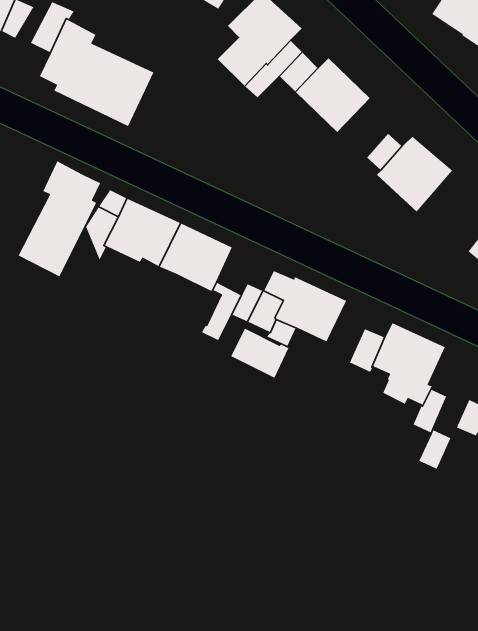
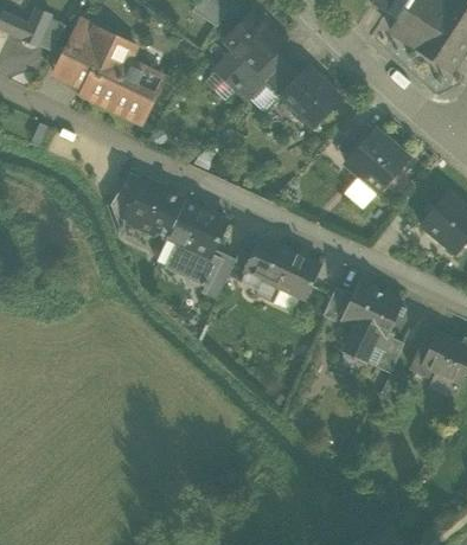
building: [18,160,101,277] -> none
building: [230,328,290,378] -> [169,244,218,286]

